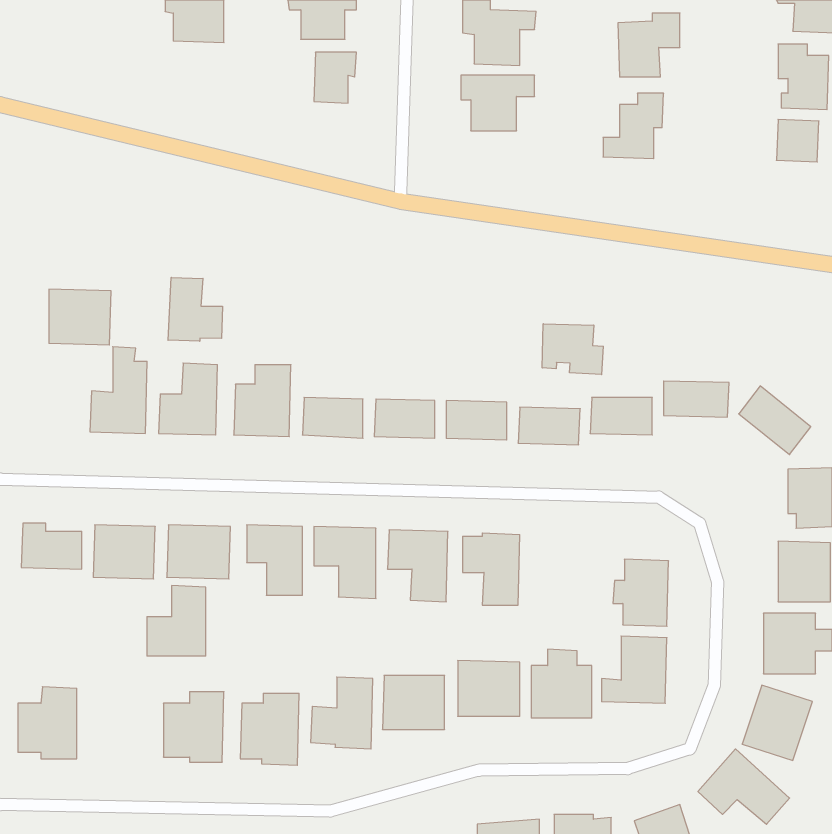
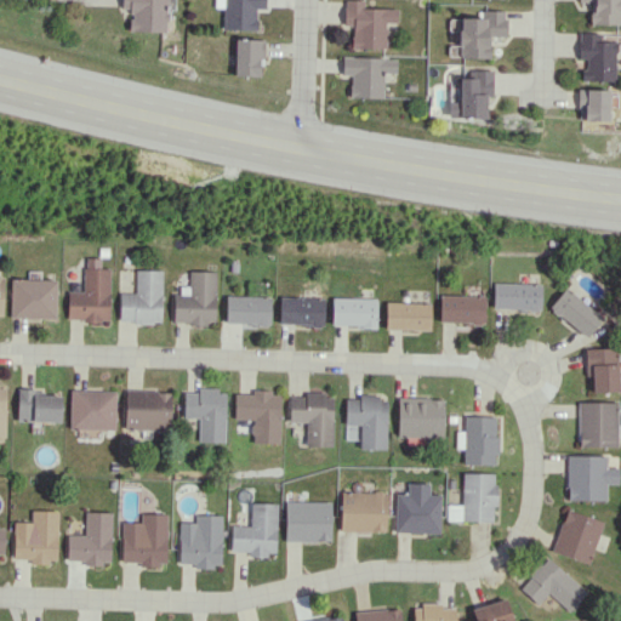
building: [168,277,222,341] -> none
building: [49,289,111,345] -> [12,279,58,320]
building: [542,324,603,375] -> none
building: none -> [399,399,445,438]
building: [147,586,206,656] -> [69,512,113,564]

